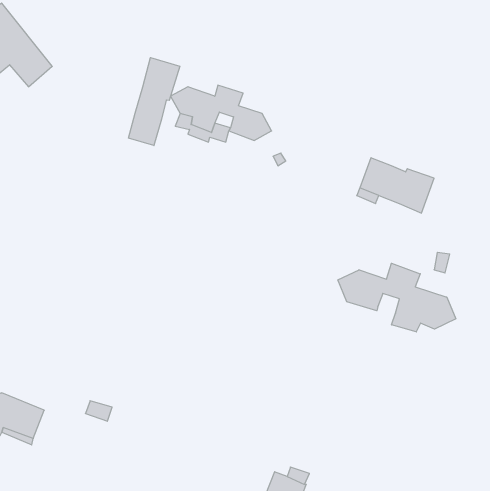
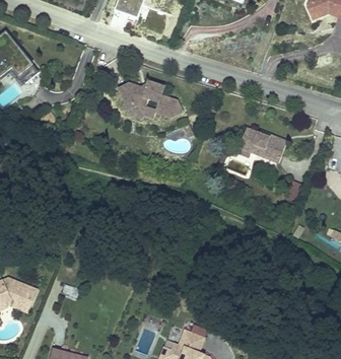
building: [129,58,180,146] -> none
building: [338,263,456,332] -> none

